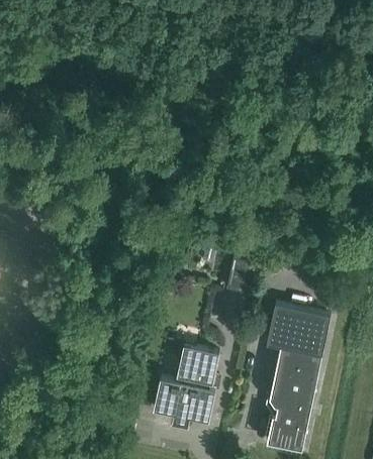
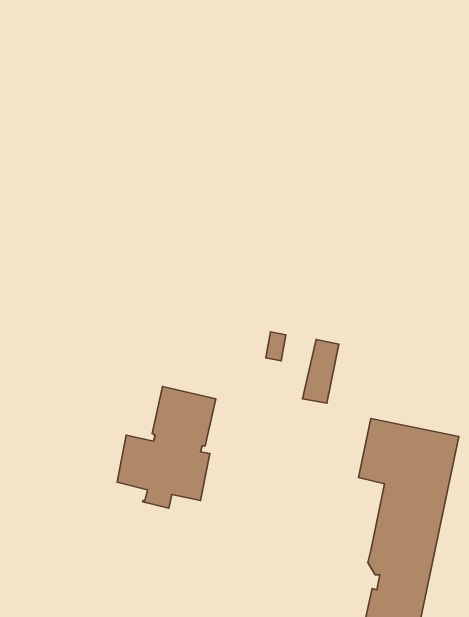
building: [154,345,219,426] -> [117,387,216,508]

